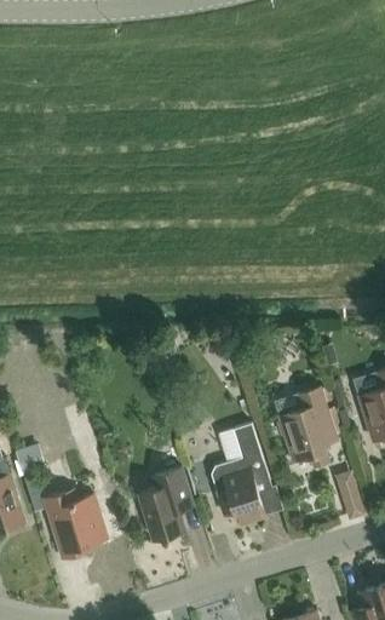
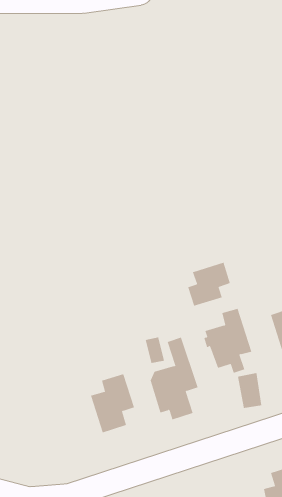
building: none -> [188,262,231,307]
building: [44,464,113,558] -> none

